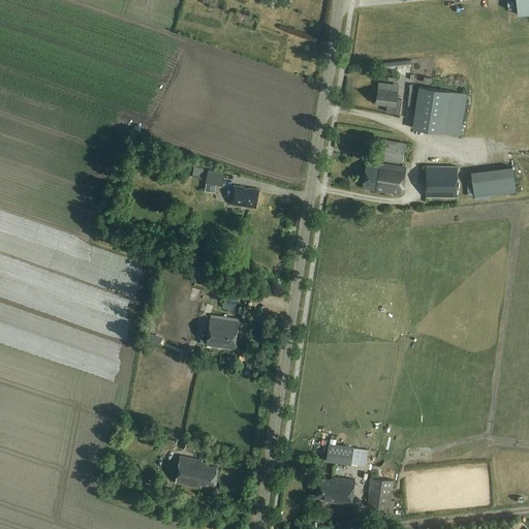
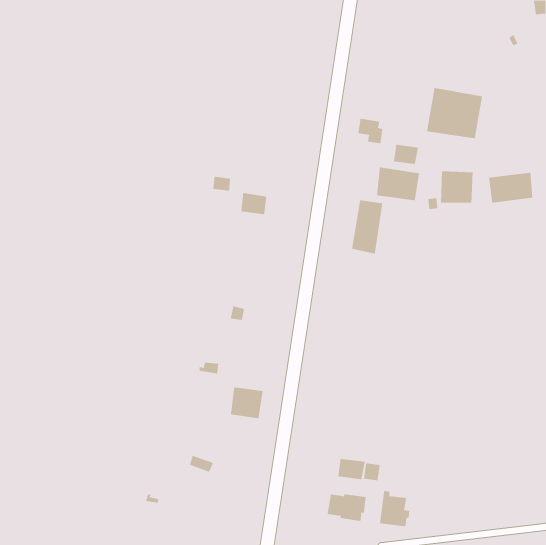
building: [376,90,401,115] -> [358,118,383,144]
building: none -> [352,199,383,254]
building: [207,319,239,350] -> [230,387,263,419]
building: [176,457,217,489] -> none

